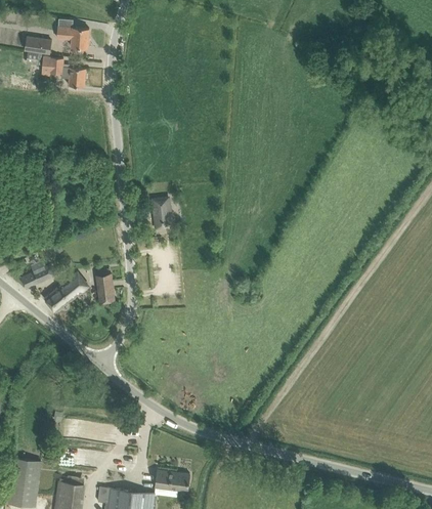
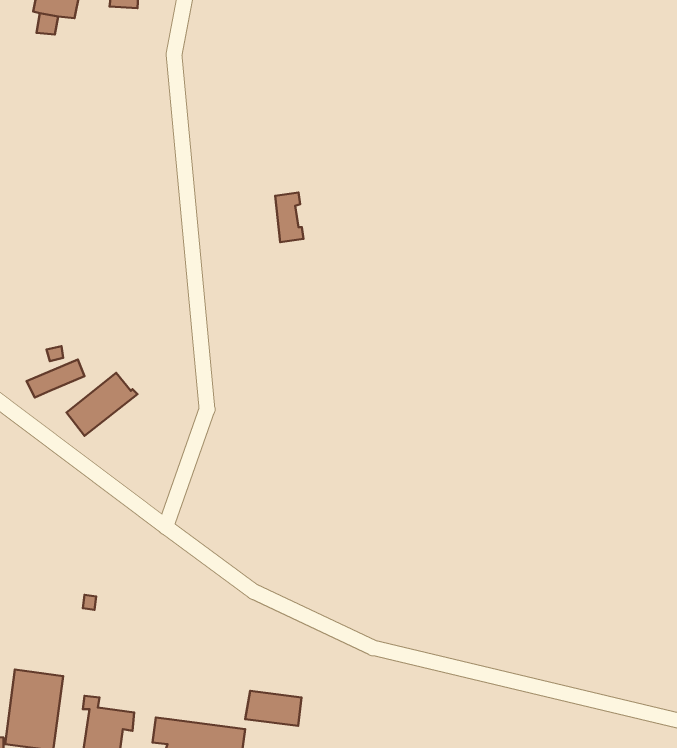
building: [41,57,85,87] -> none
building: [153,199,170,229] -> [275,192,303,242]
building: [95,274,114,303] -> none

